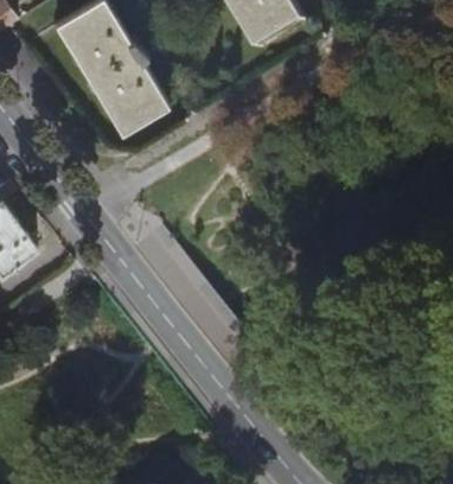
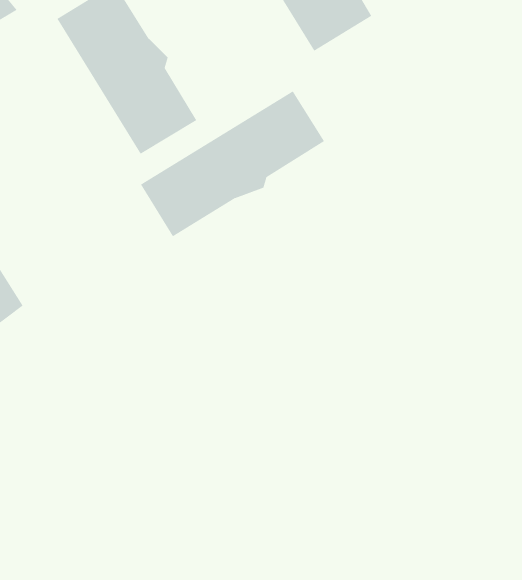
building: none -> [140,90,325,237]

